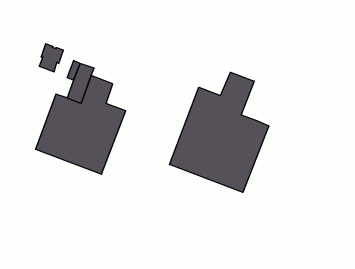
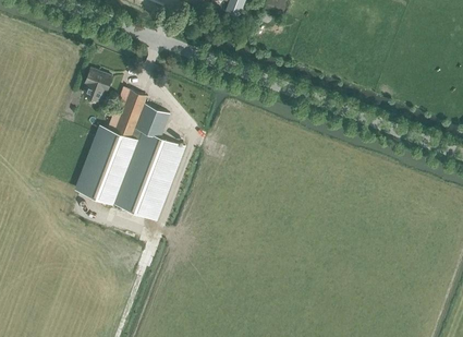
building: [170,72,269,192] -> none

